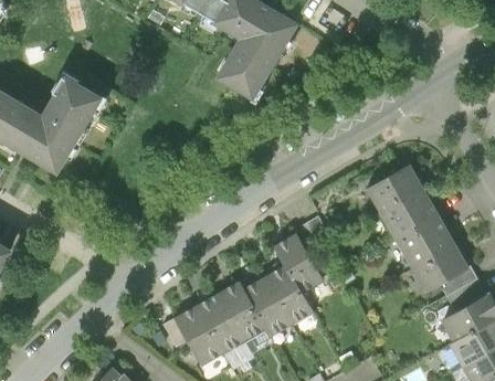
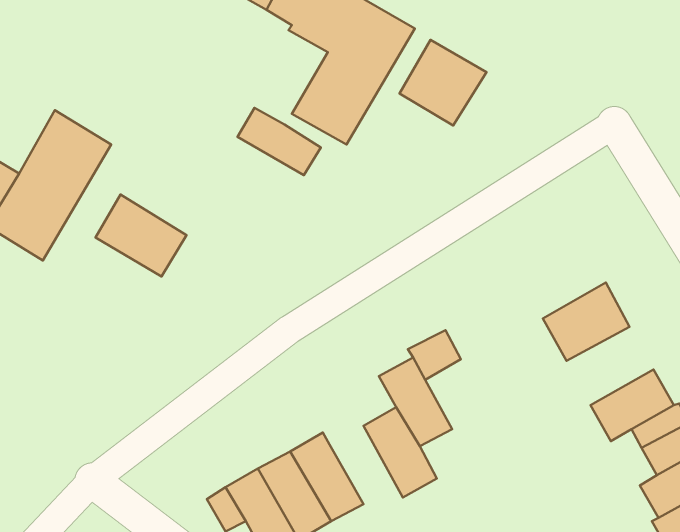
building: none -> [399,40,486,125]
building: none -> [238,108,321,175]
building: none -> [95,194,187,276]
building: [369,163,422,210] -> none
building: [397,215,453,266] -> none
building: [243,279,291,338] -> none

